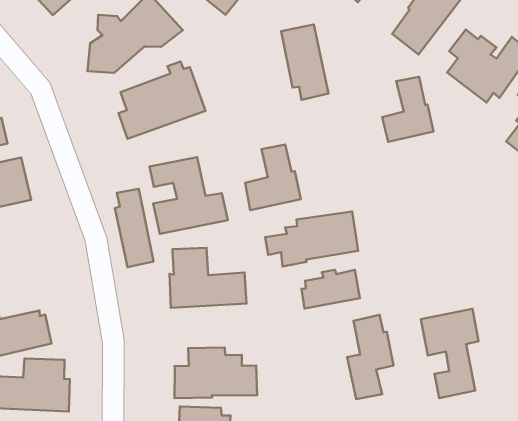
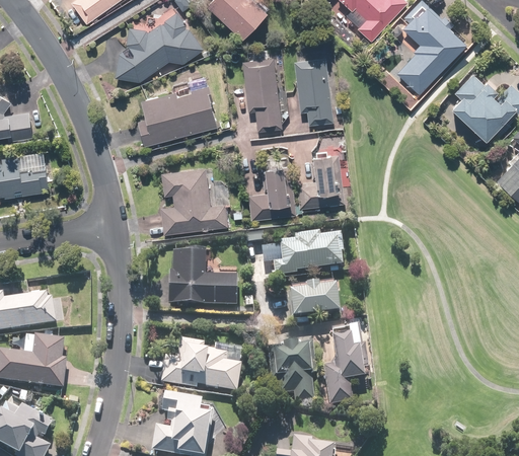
building: none -> [243,56,282,129]
building: [382,77,434,142] -> [298,150,344,207]
building: [115,189,153,267] -> none
building: [421,309,478,398] -> none
building: none -> [268,340,313,399]

